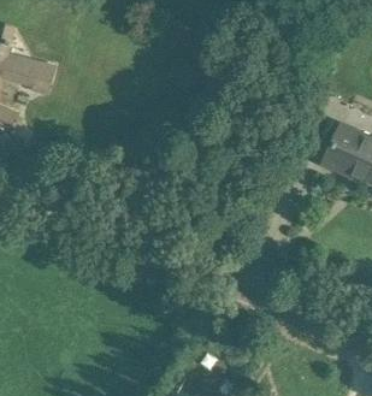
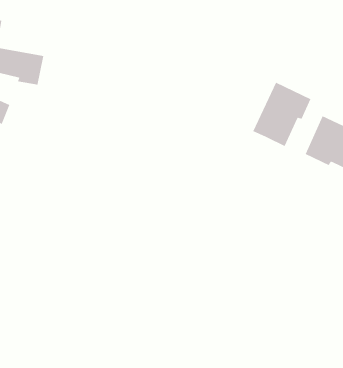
building: none -> [252,82,311,147]

